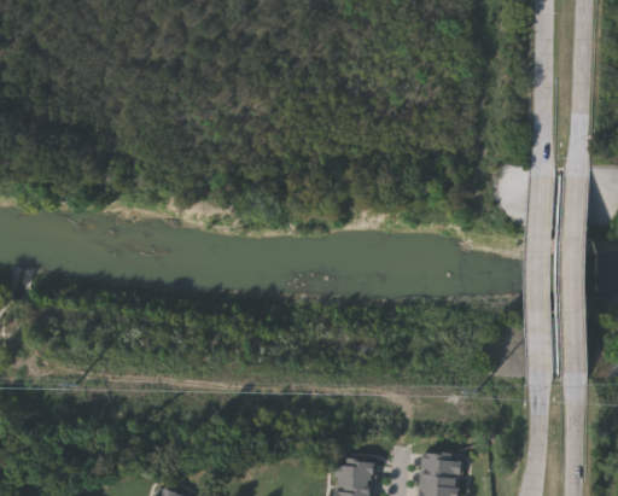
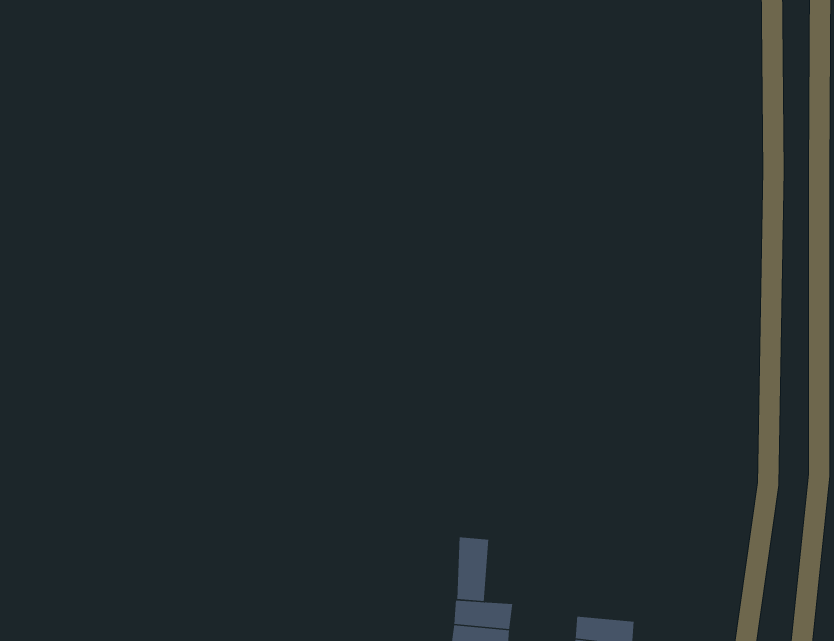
building: none -> [456,536,489,602]
building: [420,454,461,474] -> none

